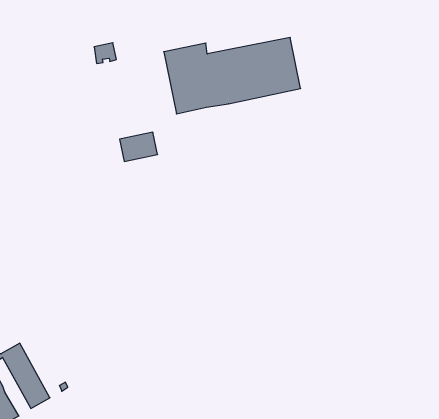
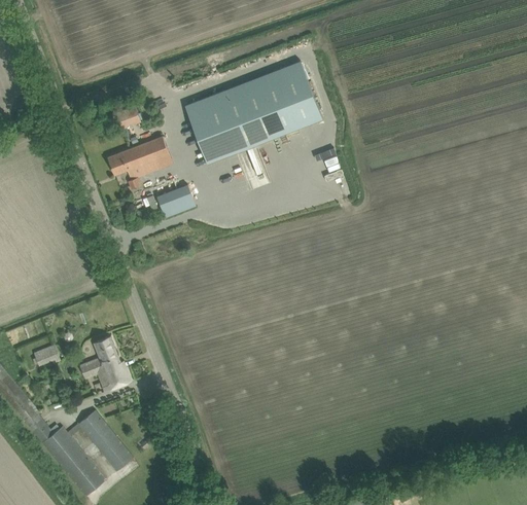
building: none -> [107,136,173,189]
building: none -> [79,335,131,391]

